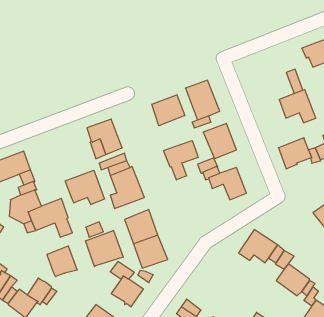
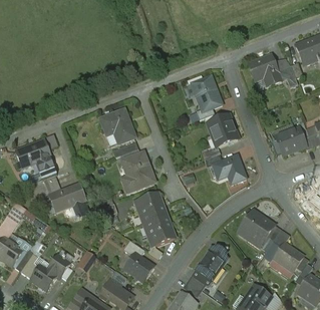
building: [279,90,316,123] -> [248,54,281,84]
building: [152,95,185,126] -> none
building: [164,141,198,180] -> none
building: [65,170,105,205] -> none
building: [86,230,123,267] -> none
building: [47,246,77,277] -> none
building: none -> [196,246,226,281]

